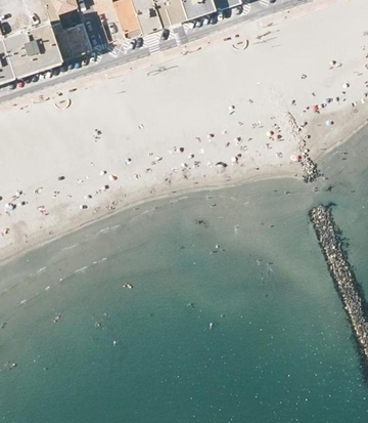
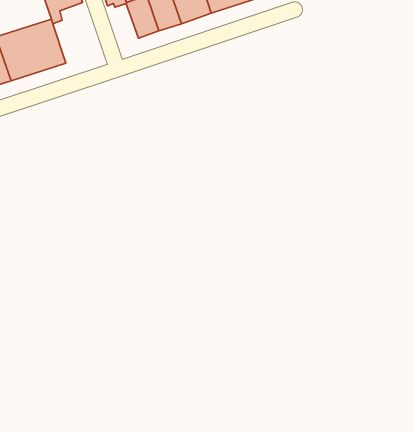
building: [51,24,91,60] -> none

